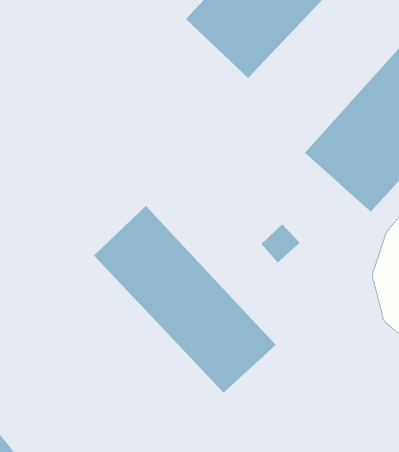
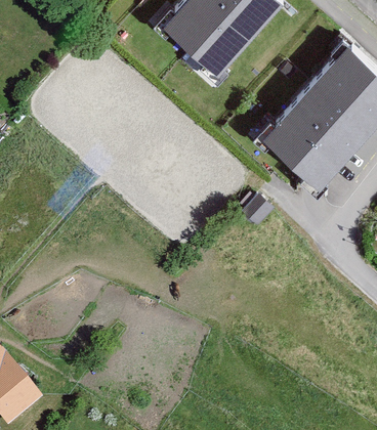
building: [93,205,277,394] -> none

